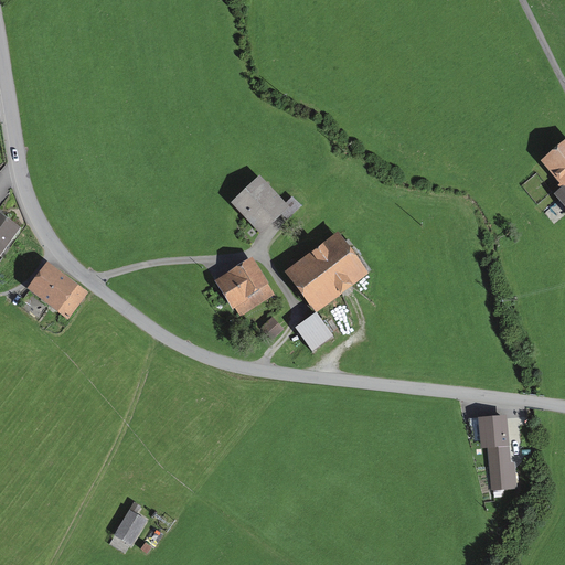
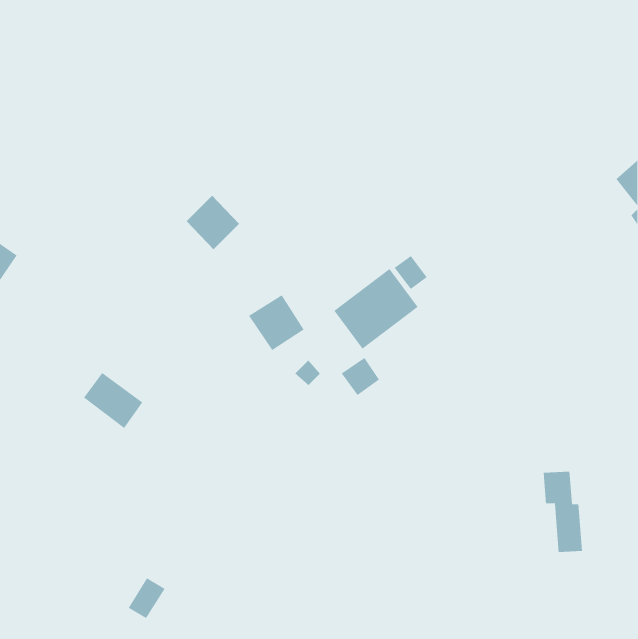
building: [234,178,281,226] -> [186,195,240,250]
building: none -> [394,255,428,290]
building: [29,264,82,313] -> [83,372,143,429]

